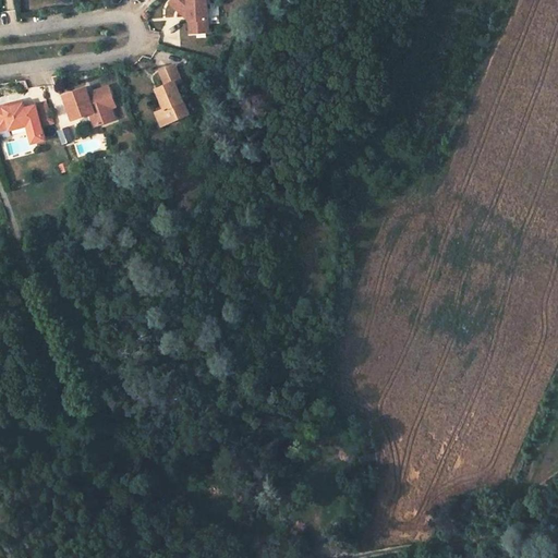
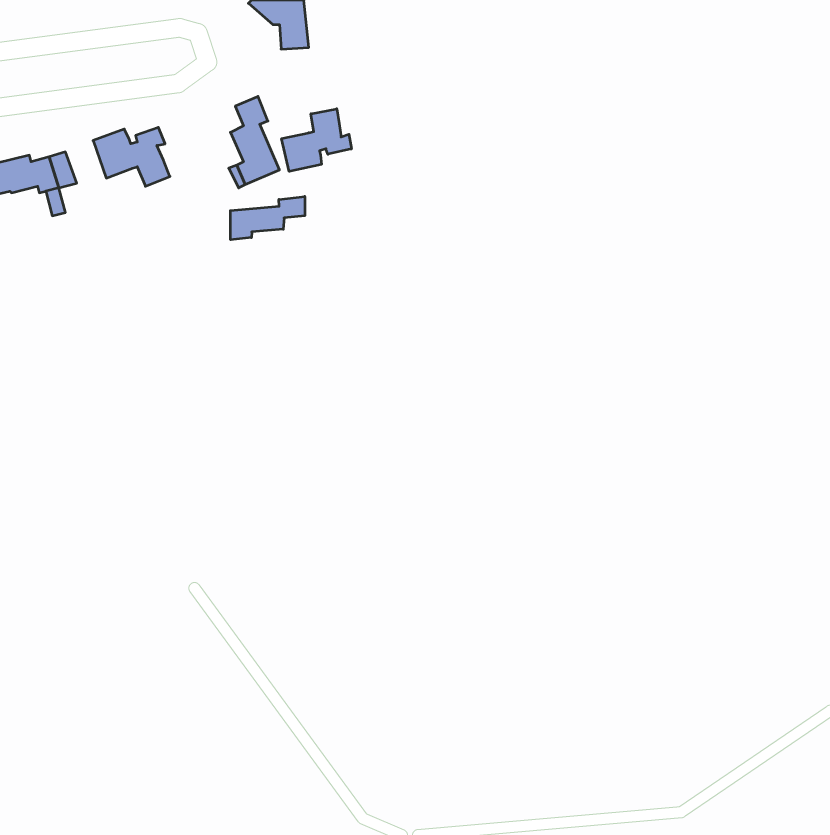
building: none -> [282,109,351,171]
building: none -> [230,196,305,240]

